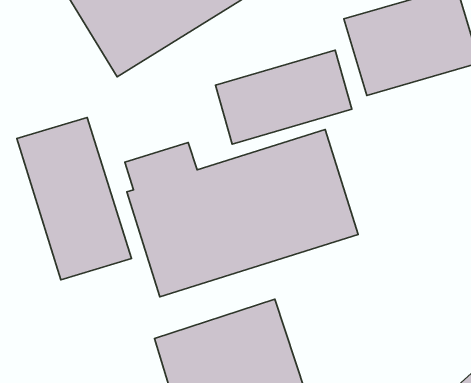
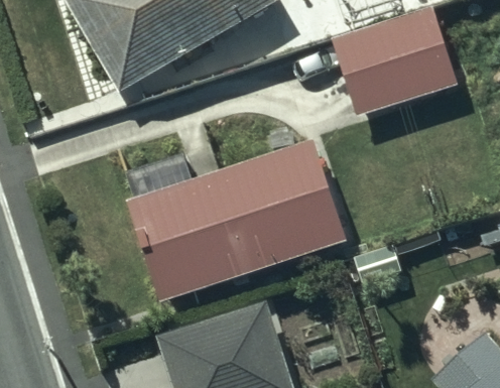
building: [216,50,352,144] -> none
building: [17,117,131,280] -> none

